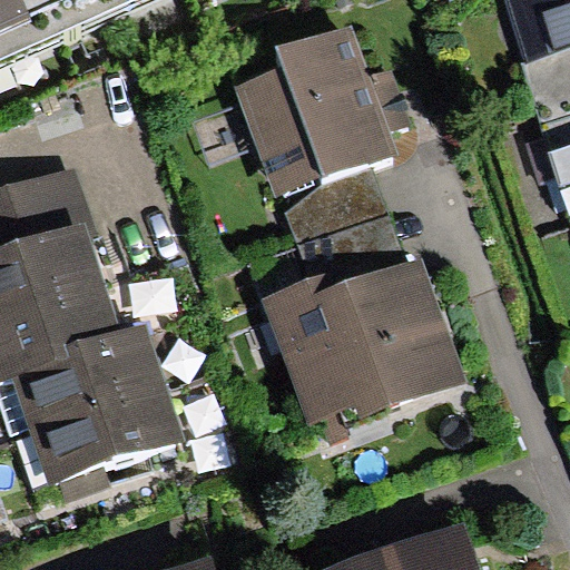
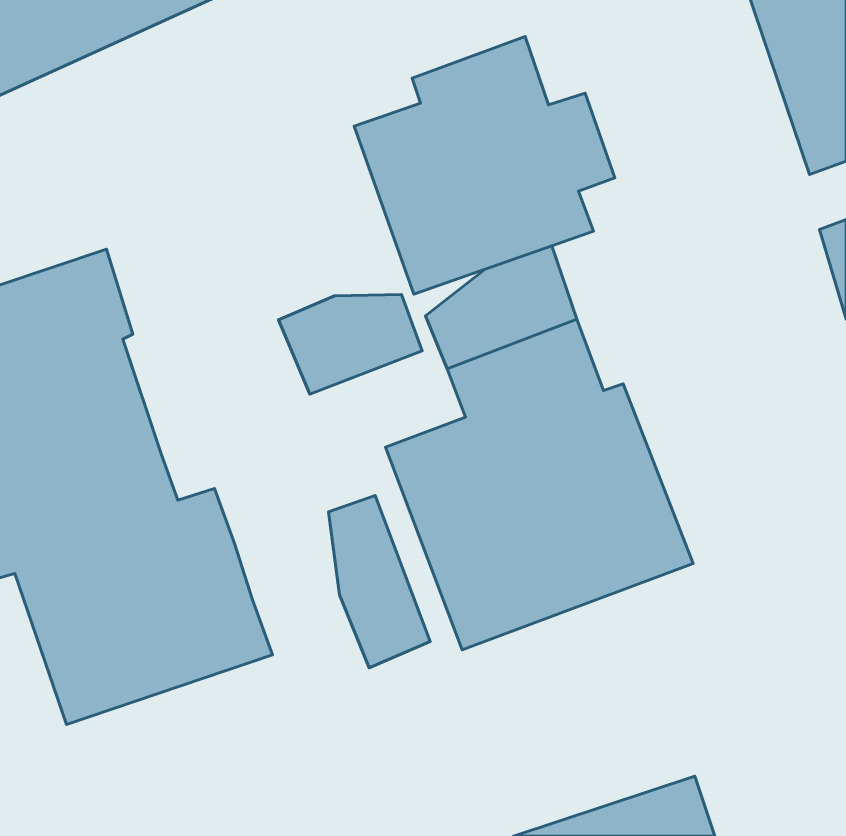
building: none -> [278,295,422,394]
building: none -> [329,496,430,668]

